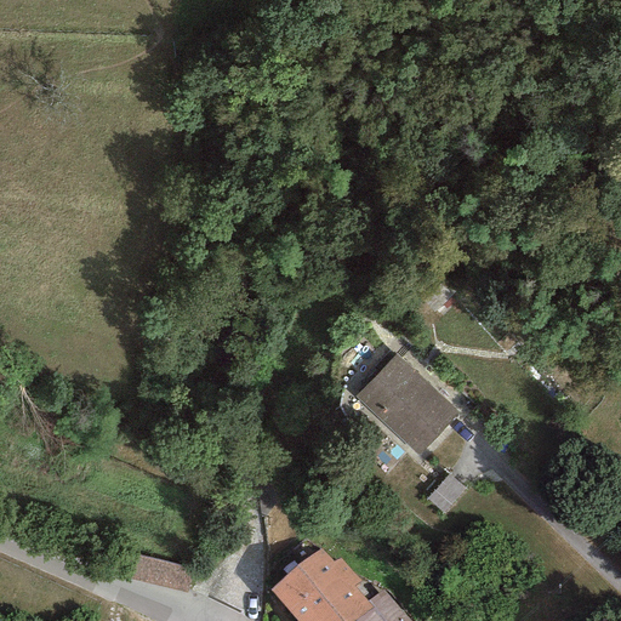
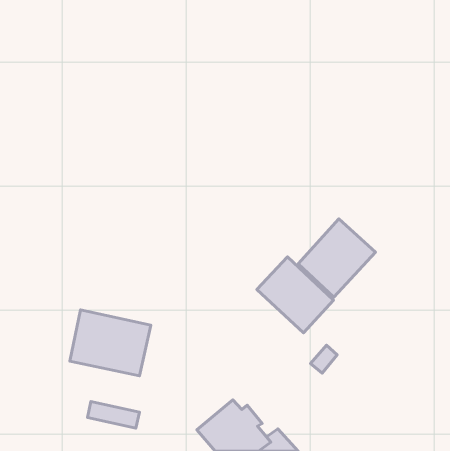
building: none -> [298,219,376,297]
building: none -> [70,310,151,376]

